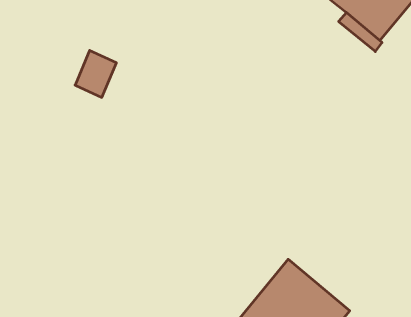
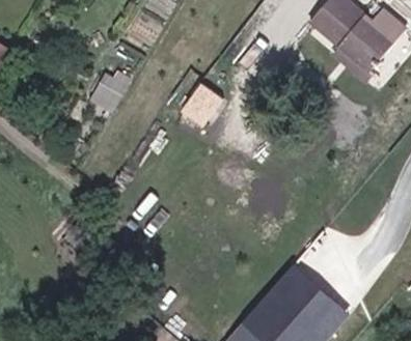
building: none -> [182,84,226,131]

